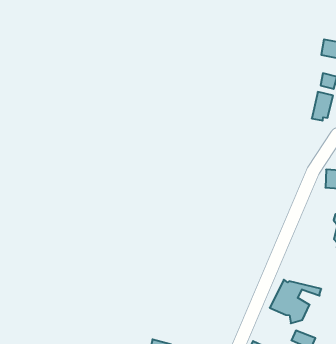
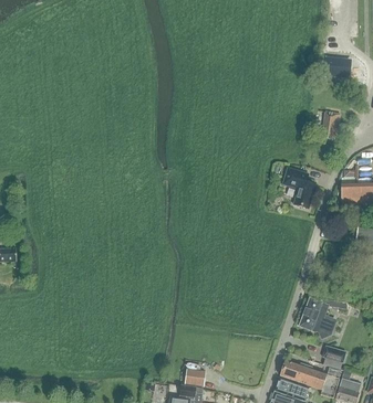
building: none -> [282,167,317,208]

